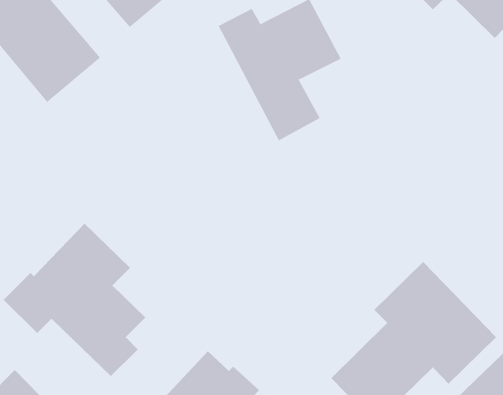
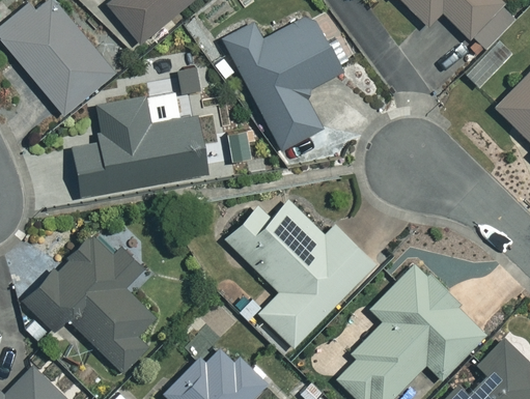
building: none -> [71,91,204,197]
building: none -> [225,199,375,347]

